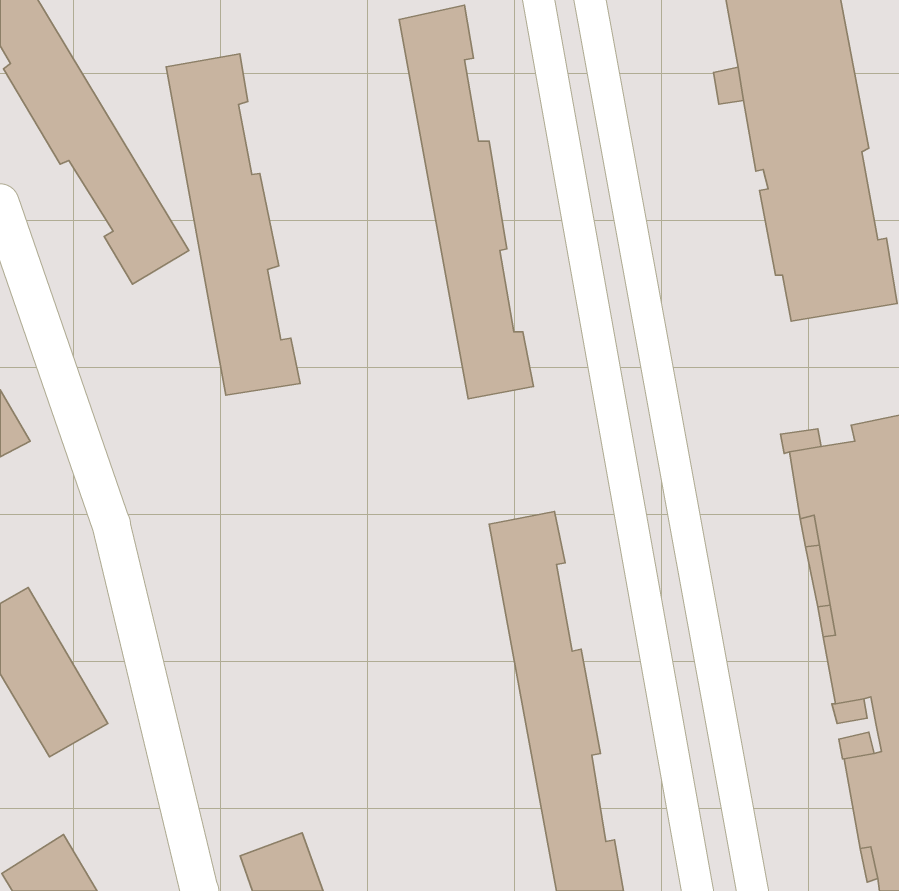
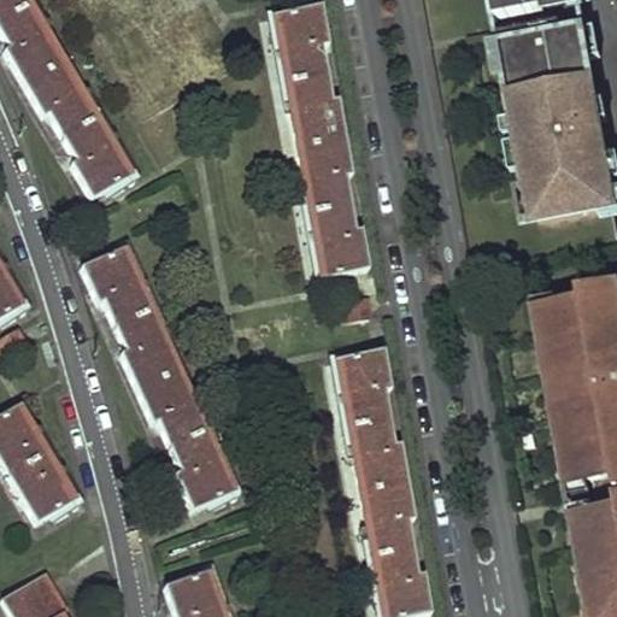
building: [166,54,300,395] -> none
building: none -> [83,246,234,505]

